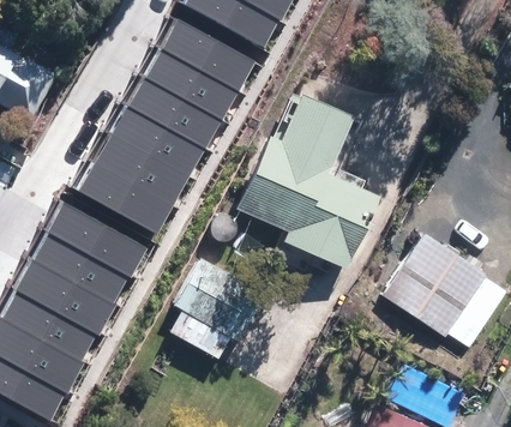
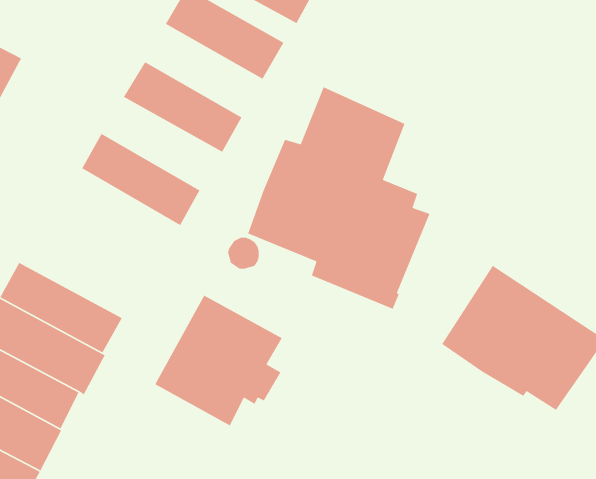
building: [148,47,239,119] -> none
building: [114,103,208,175] -> none
building: [82,158,175,231] -> none
building: [50,200,149,275] -> none

